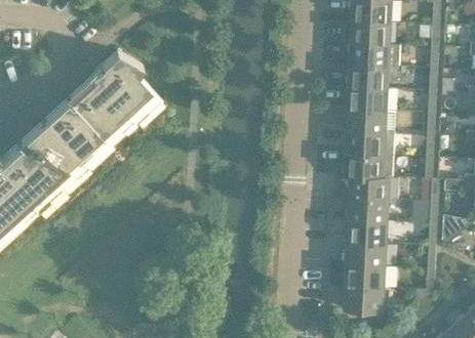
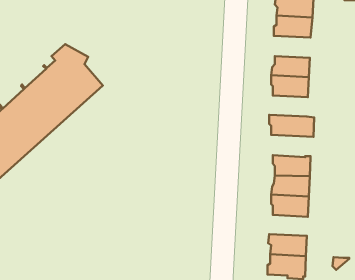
building: [348,44,390,69] -> none
building: [344,111,387,134] -> none
building: [342,155,393,179] -> none
building: [344,244,387,267] -> none

